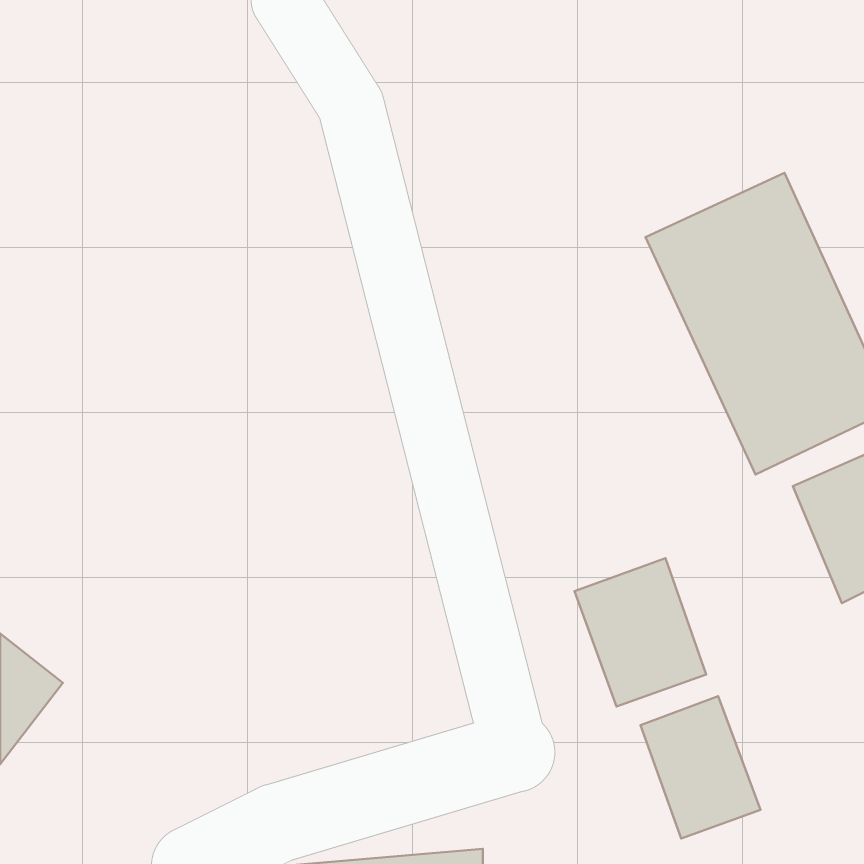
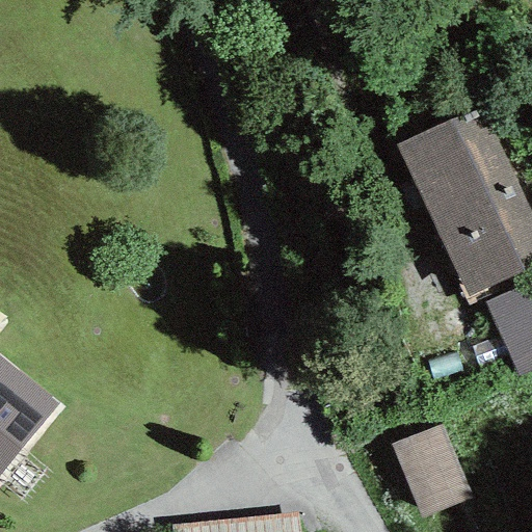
building: [574,558,706,706] -> none

